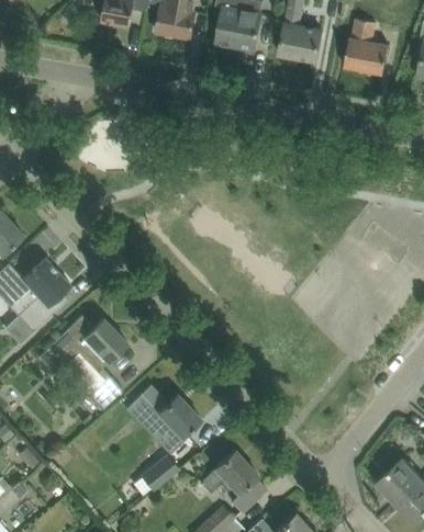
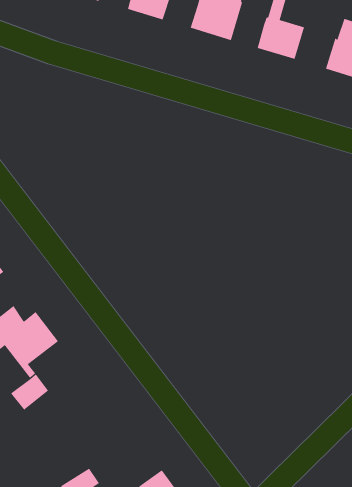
building: [126,384,201,449] -> none

